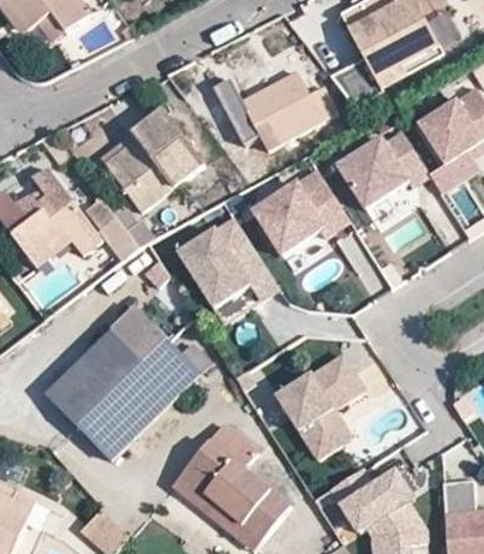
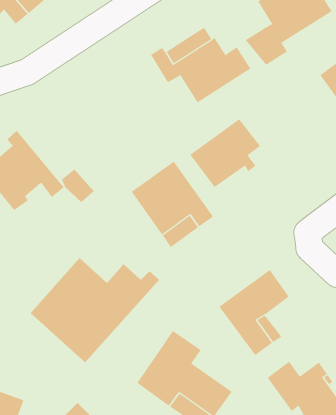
building: [100,111,201,212] -> none
building: [339,133,430,209] -> none
building: [112,306,165,361] -> none

